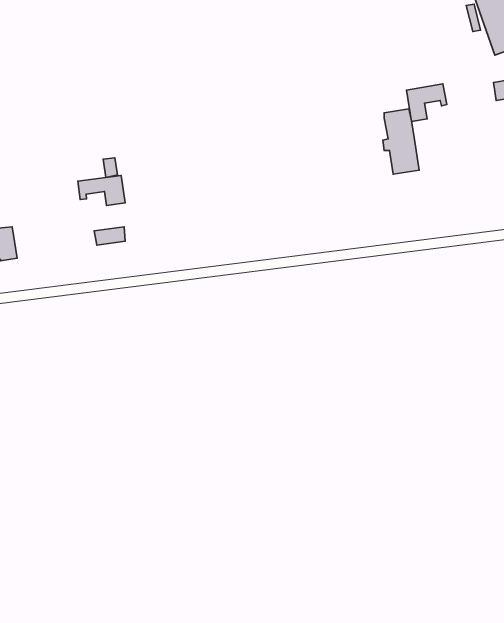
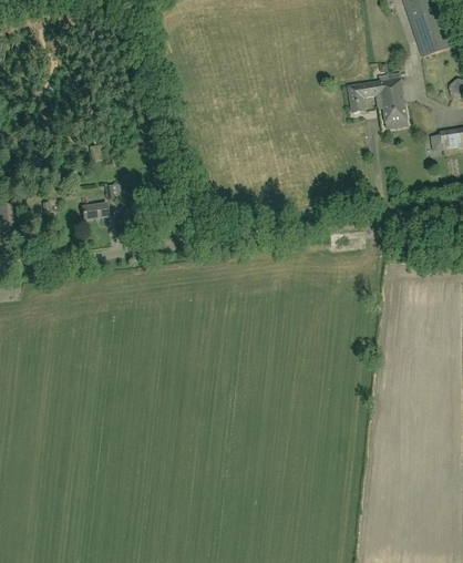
building: [383,109,419,174] -> [377,74,408,130]
building: [78,175,125,205] -> none

